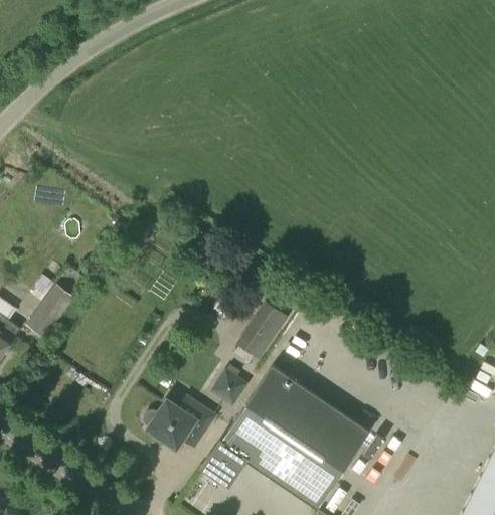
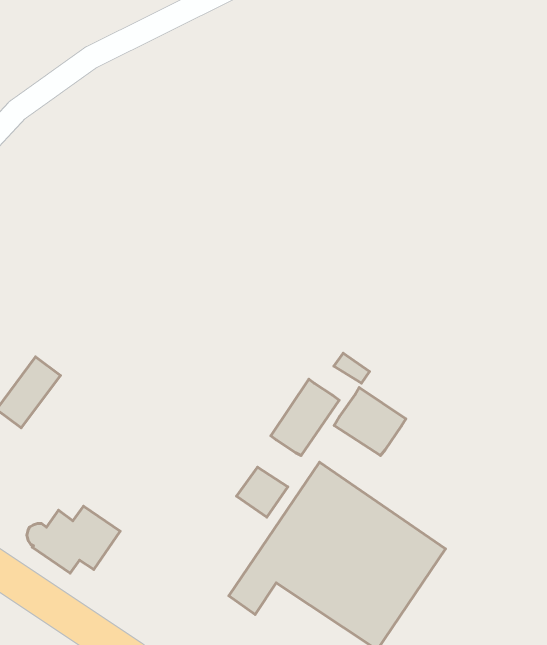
building: none -> [334,388,406,456]
building: [143,396,214,448] -> [27,506,120,573]

